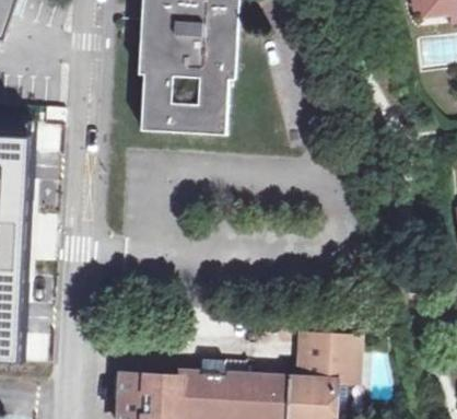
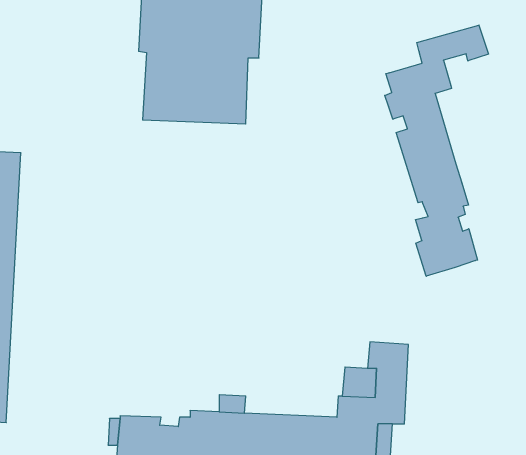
building: none -> [385,25,488,276]

